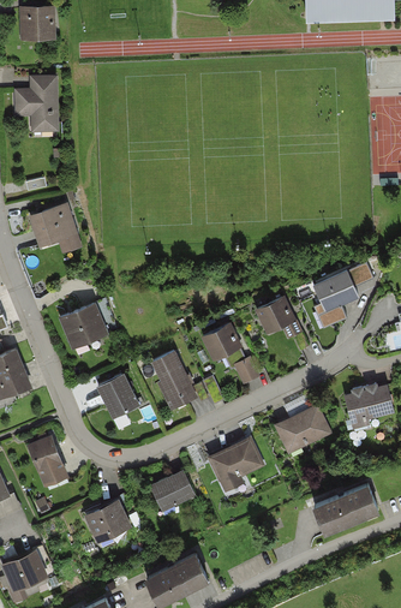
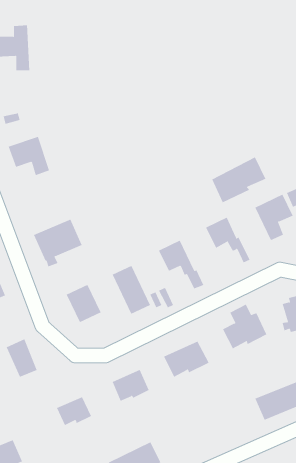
building: none -> [212,157,266,203]

